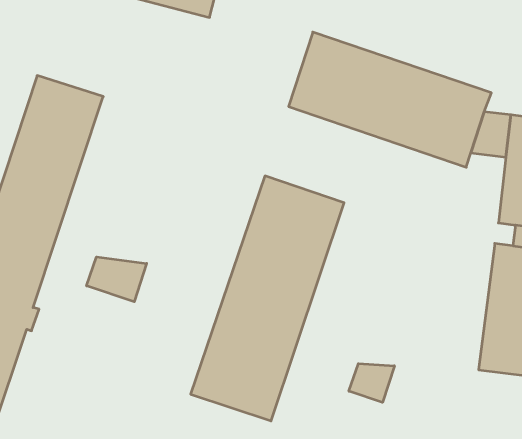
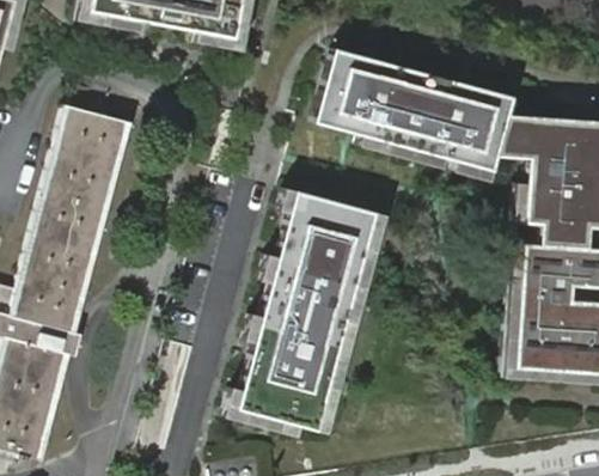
building: [87,257,147,302] -> none
building: [349,364,394,402] -> none

